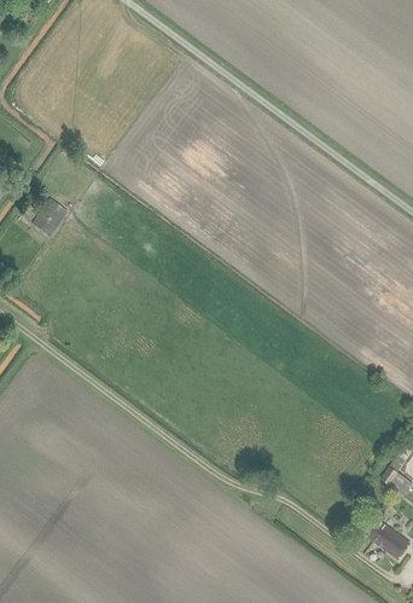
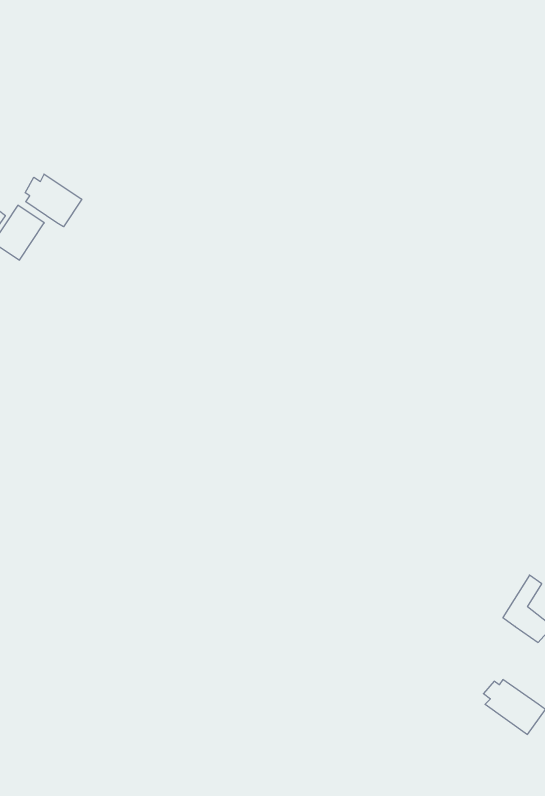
building: none -> [25,174,82,227]

